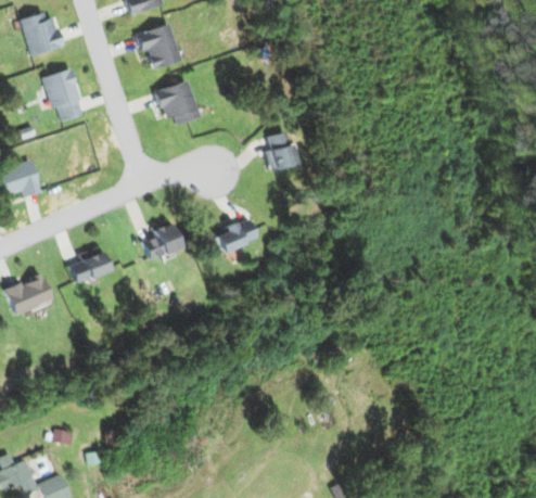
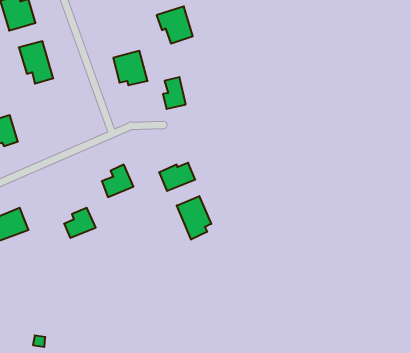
building: [137,24,181,69] -> [157,6,193,43]
building: [267,132,295,171] -> [163,77,186,109]
building: [72,247,111,284] -> [64,208,96,238]
building: none -> [177,196,211,240]

